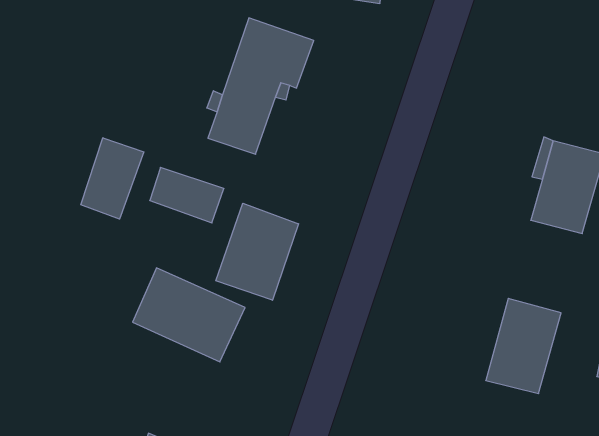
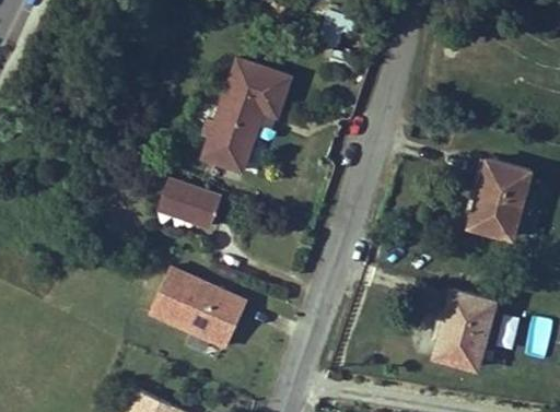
building: [81,138,144,219] -> none
building: [216,203,299,300] -> none

